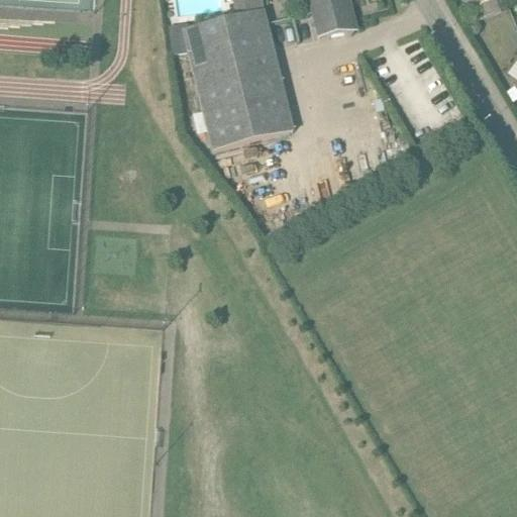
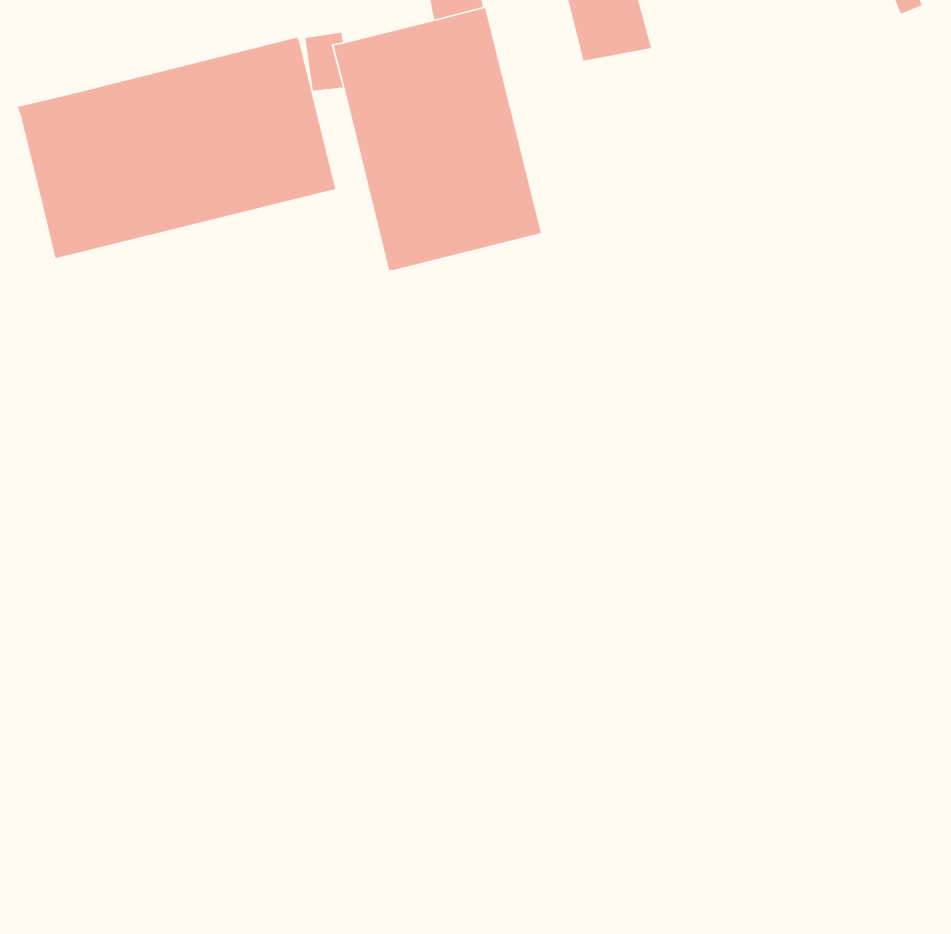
building: none -> [17,37,336,259]

